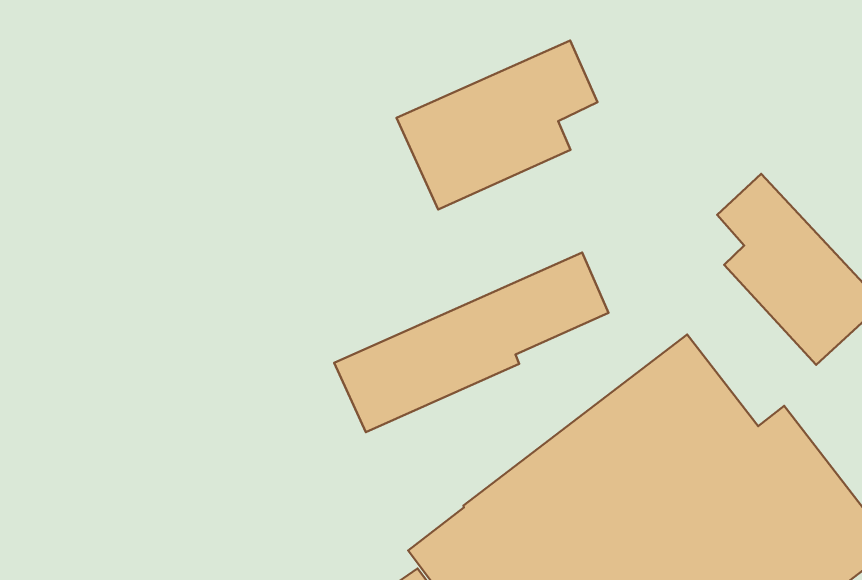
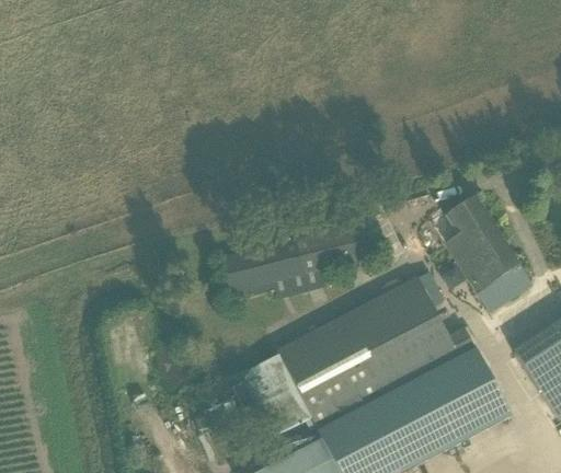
building: [397,40,597,209] -> none

